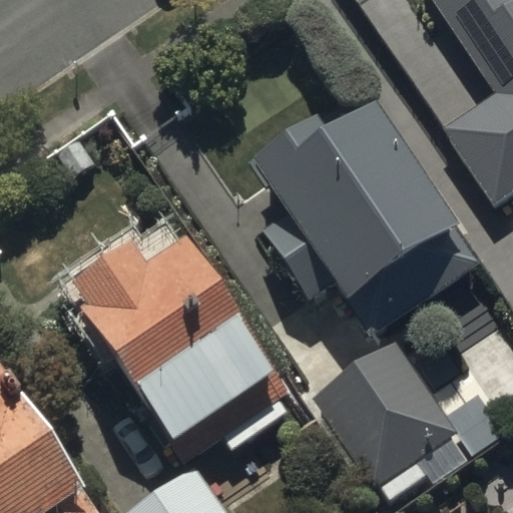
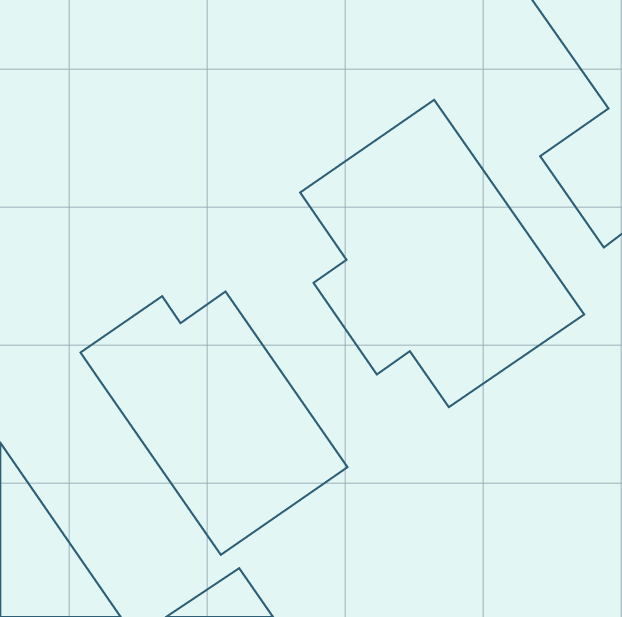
building: [312,339,462,489] -> none

